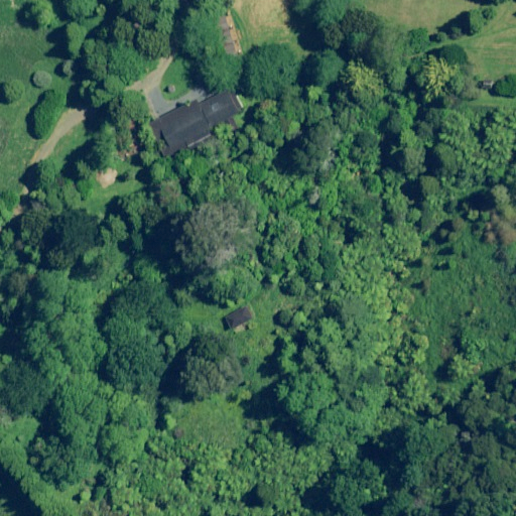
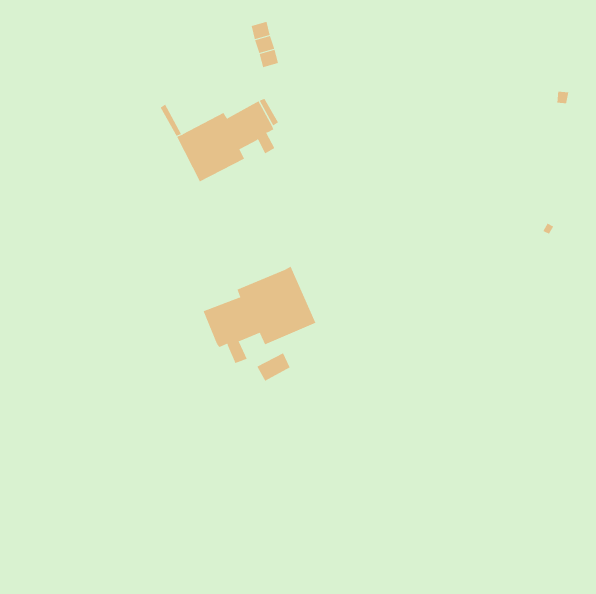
building: none -> [203,266,316,364]

